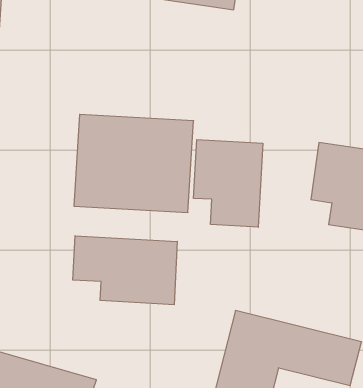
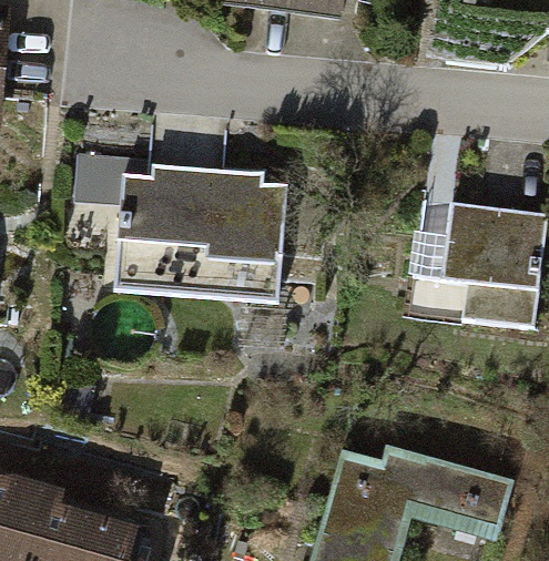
building: [194,140,263,227] -> none
building: [73,236,177,305] -> none

